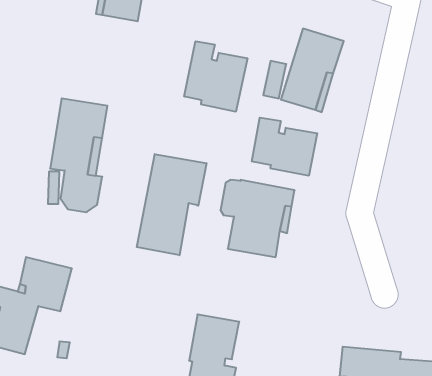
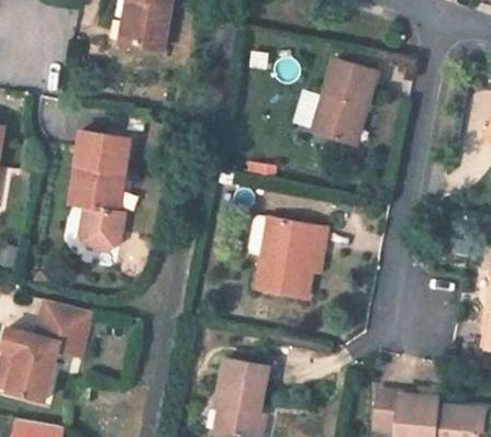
building: [184,41,247,112] -> none
building: [252,118,317,176] -> none
building: [137,154,206,255] -> none

